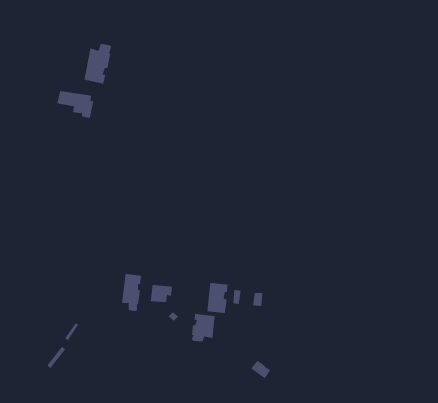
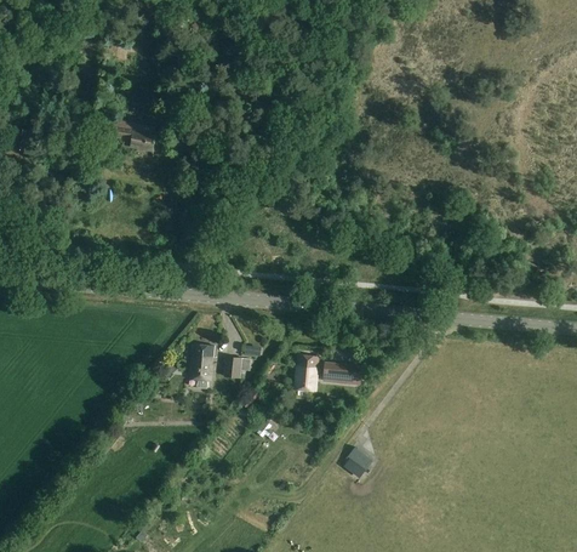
building: [84,43,112,84] -> none
building: [191,313,215,342] -> none

